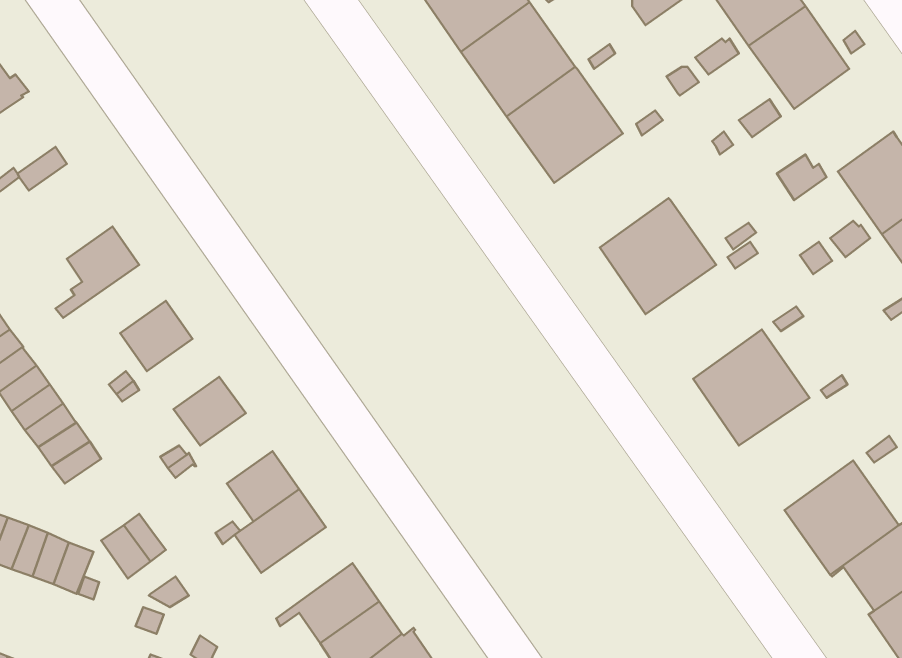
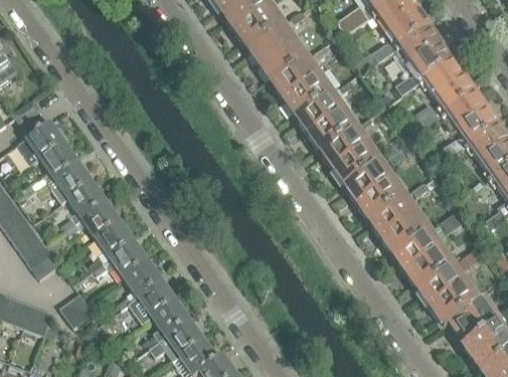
building: none -> [426,58,478,113]
building: none -> [299,92,359,153]
building: none -> [17,122,65,166]
building: none -> [39,162,94,202]
building: none -> [347,162,408,222]
building: none -> [83,201,122,238]
building: none -> [396,232,457,292]
building: none -> [112,240,150,277]
building: none -> [147,301,192,349]

